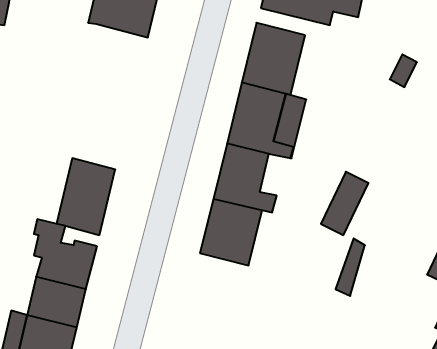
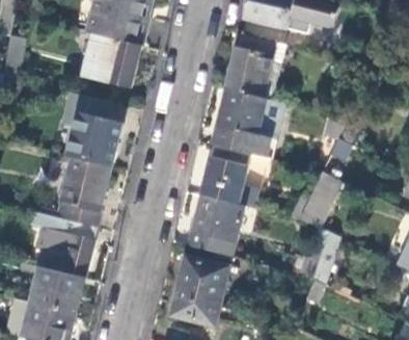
building: none -> [80,34,139,88]
building: none -> [60,94,119,168]
building: none -> [169,256,227,328]

